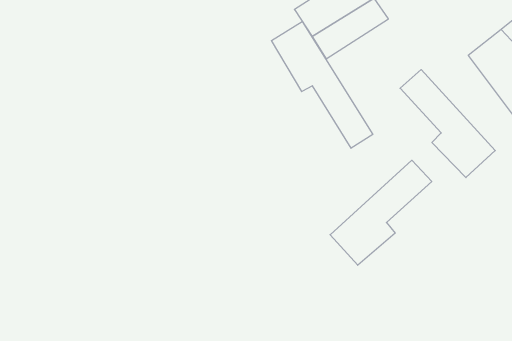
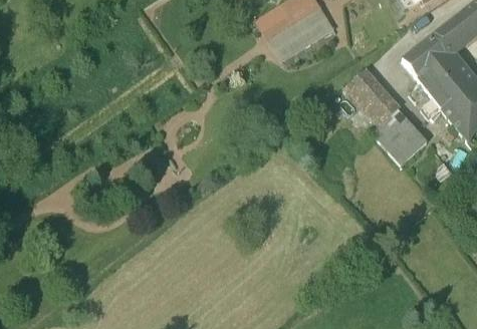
building: [271,22,373,148] -> none
building: [330,160,432,265] -> none

